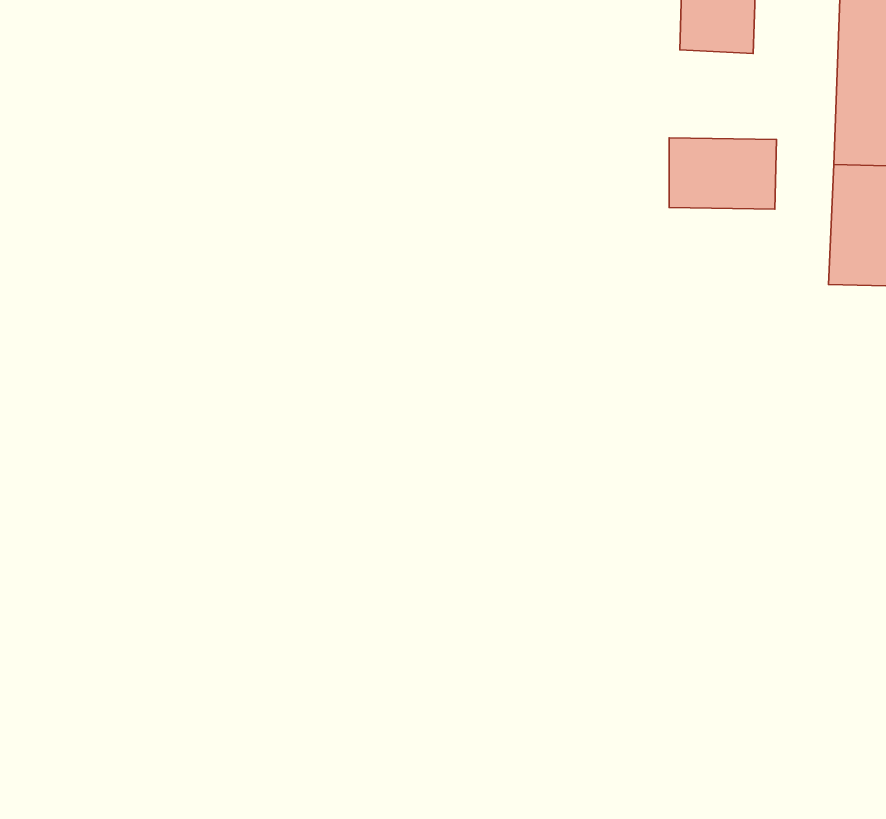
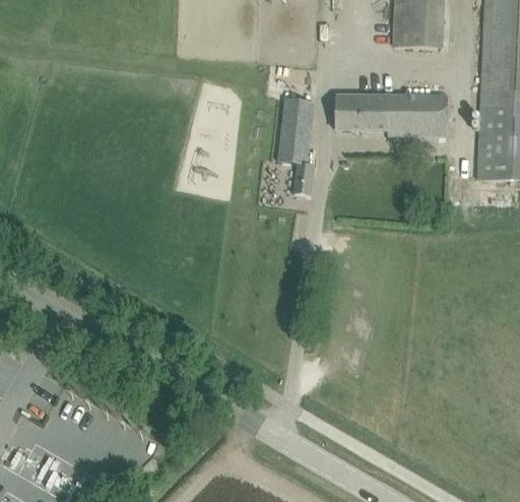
building: none -> [335,95,387,130]
building: none -> [278,99,313,195]

